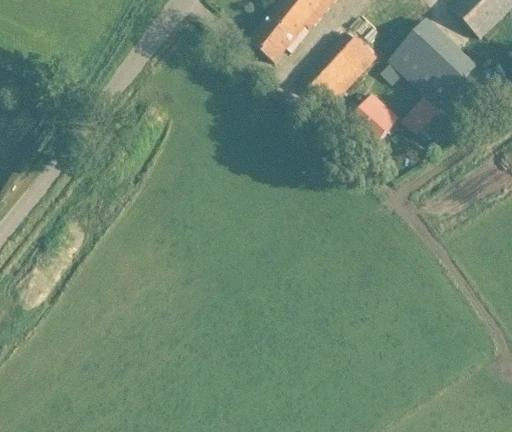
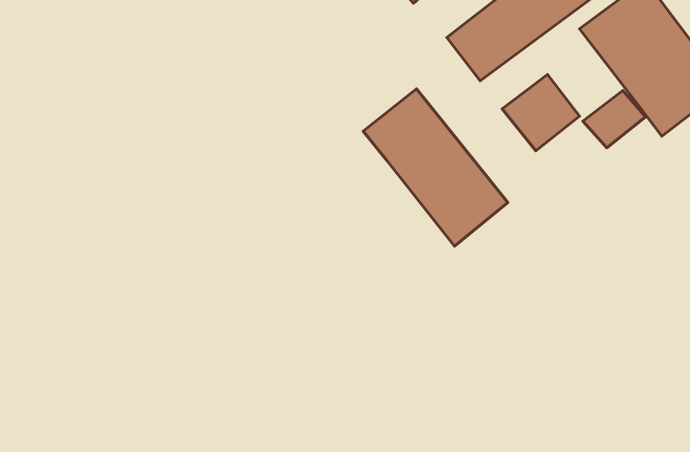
building: none -> [363,89,508,246]

